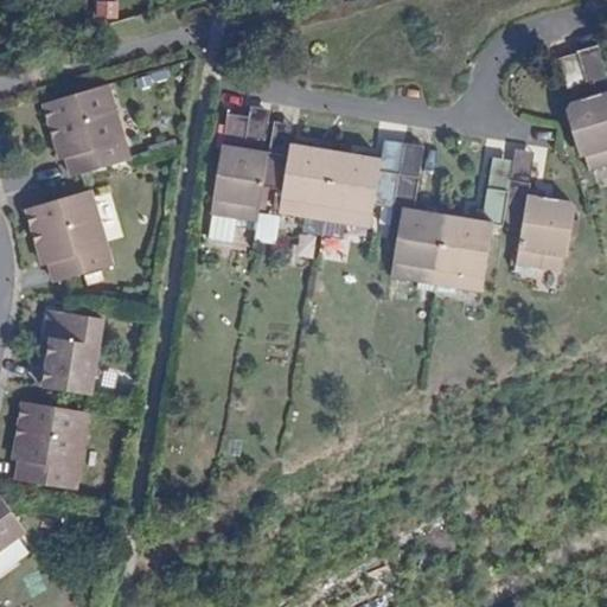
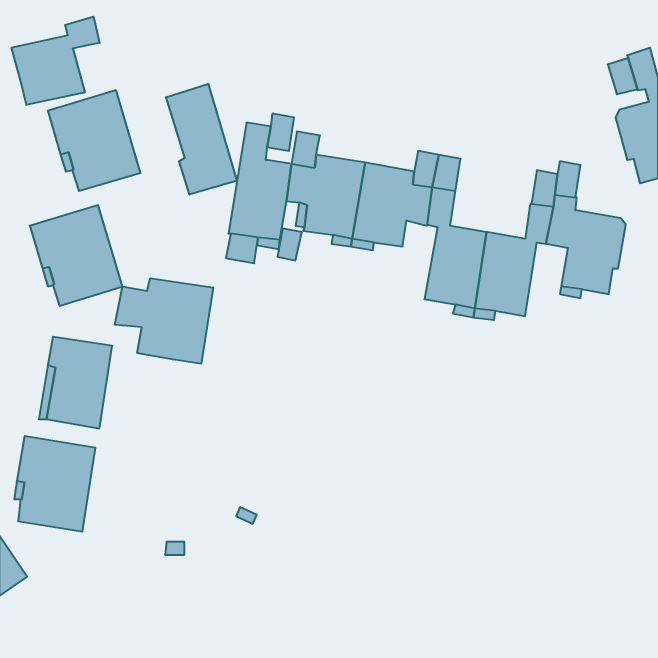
building: none -> [12,17,100,105]
building: none -> [166,84,237,195]
building: none -> [115,278,213,364]

